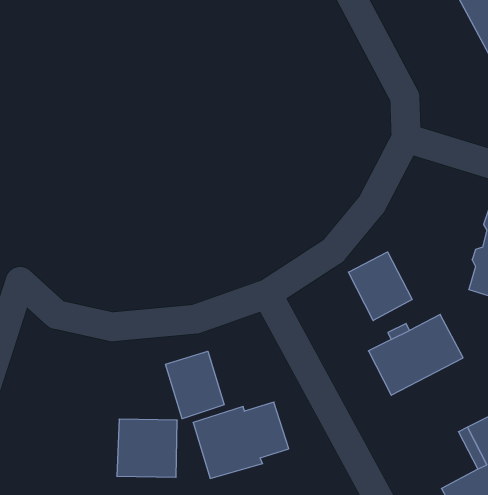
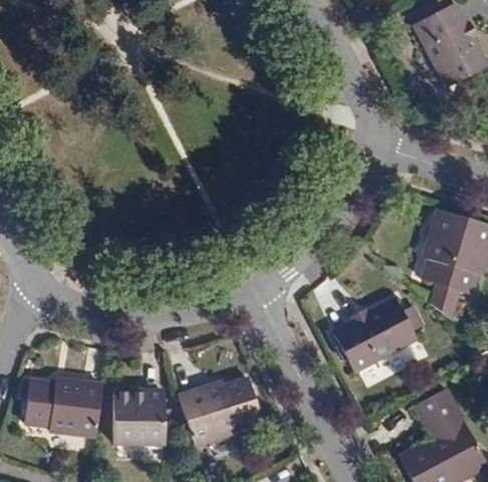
building: [348,252,412,321] -> none
building: [165,351,224,419] -> none
building: none -> [24,379,99,435]

